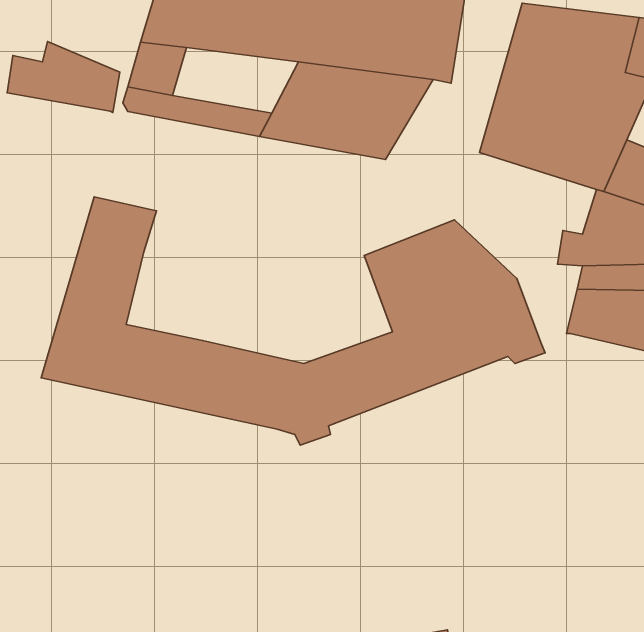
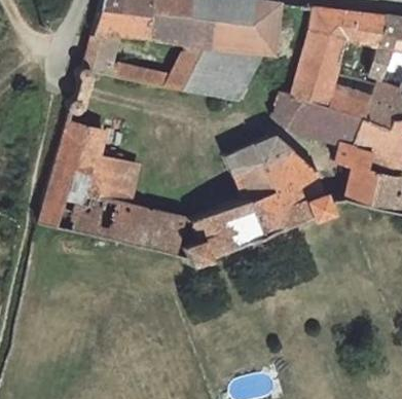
building: [7,42,120,112] -> none
building: none -> [270,88,359,141]
building: none -> [86,151,141,203]

